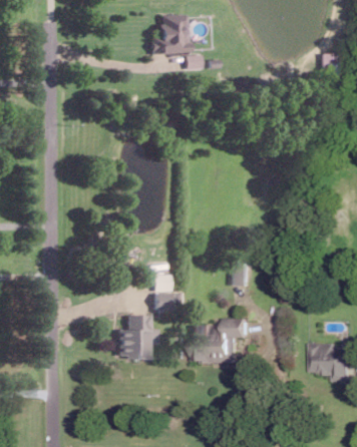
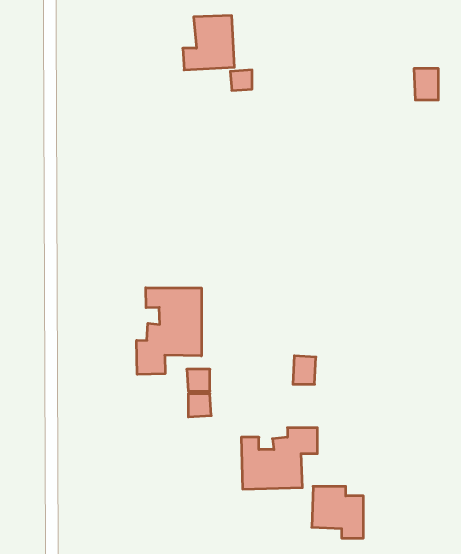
building: none -> [137,288,201,374]
building: [117,315,156,358] -> none
building: [310,343,348,381] -> [312,486,363,538]

